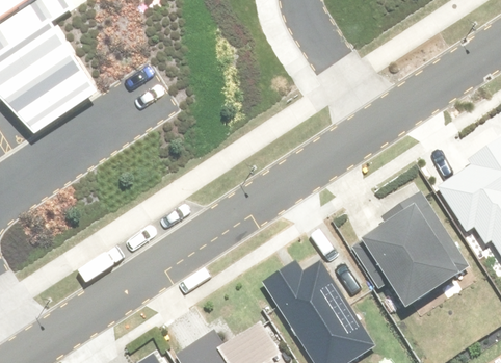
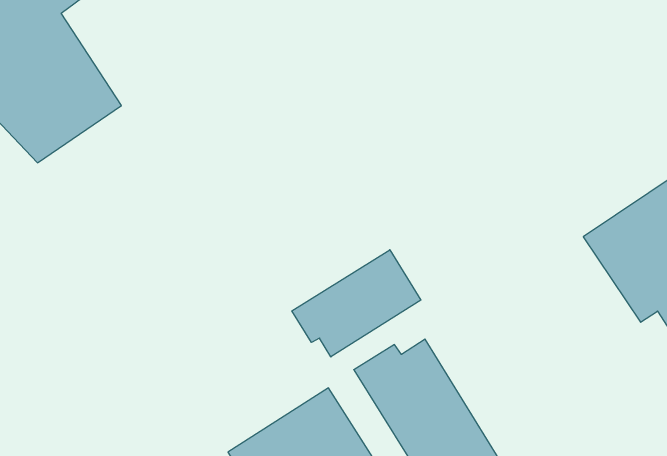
building: none -> [292,250,421,357]
building: [362,202,463,307] -> none

